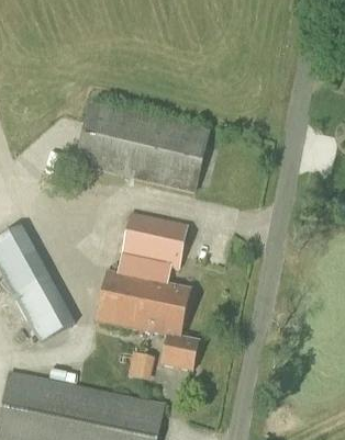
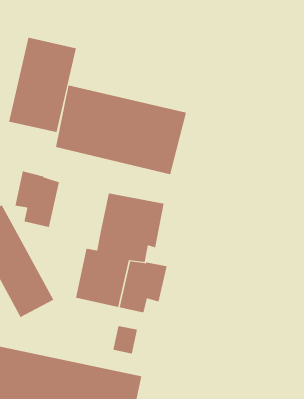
building: none -> [8,37,76,133]
building: none -> [15,170,59,228]
building: [162,321,201,371] -> none

